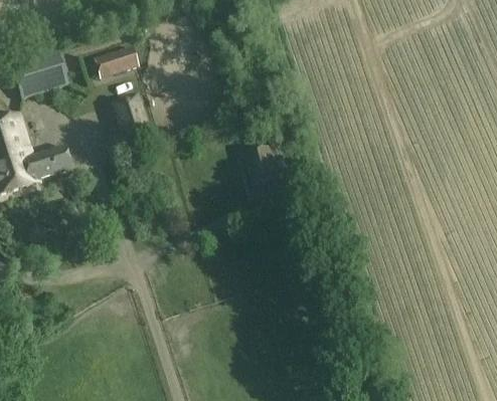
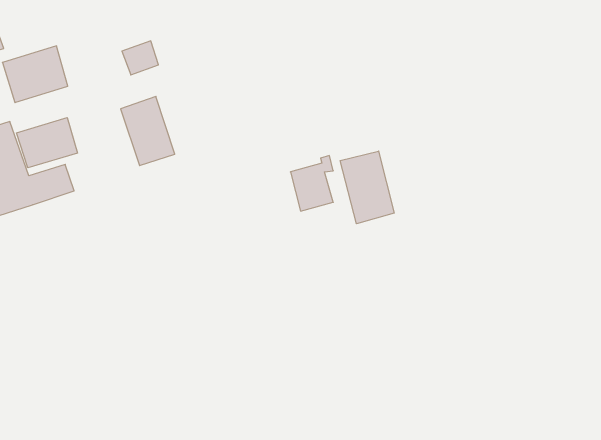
building: none -> [17,118,77,168]
building: none -> [340,151,394,224]

